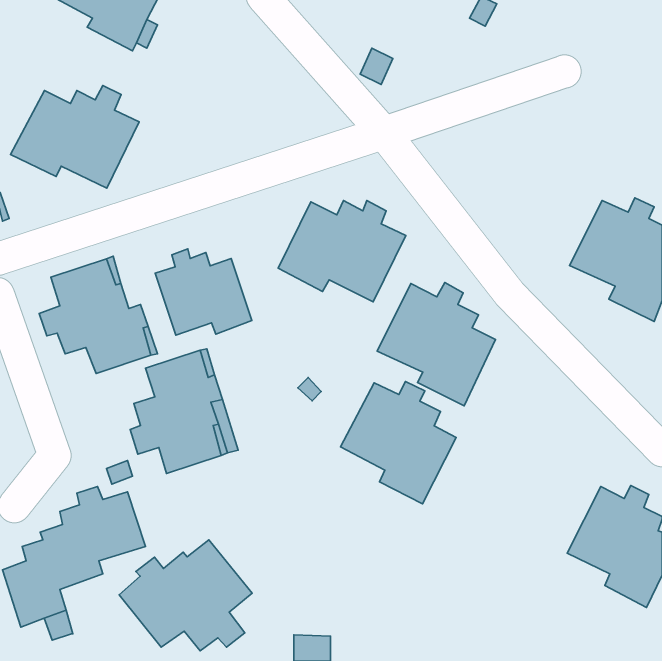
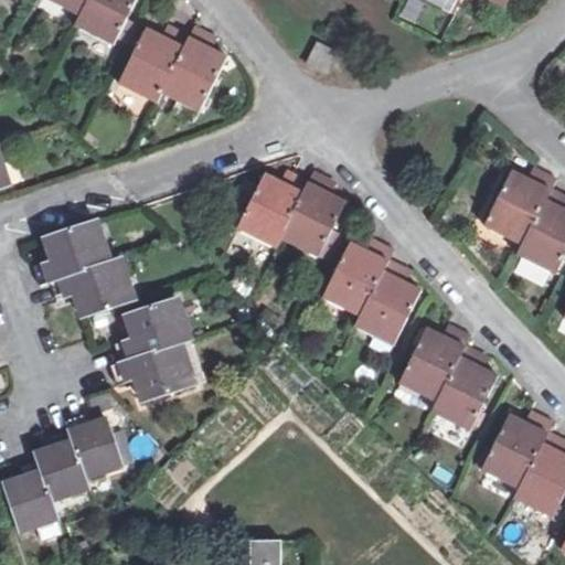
building: [11,85,139,188] -> [117,24,226,111]
building: [155,249,252,335] -> none
building: [340,382,456,504] -> [398,326,497,429]
building: [119,540,252,651] -> none

